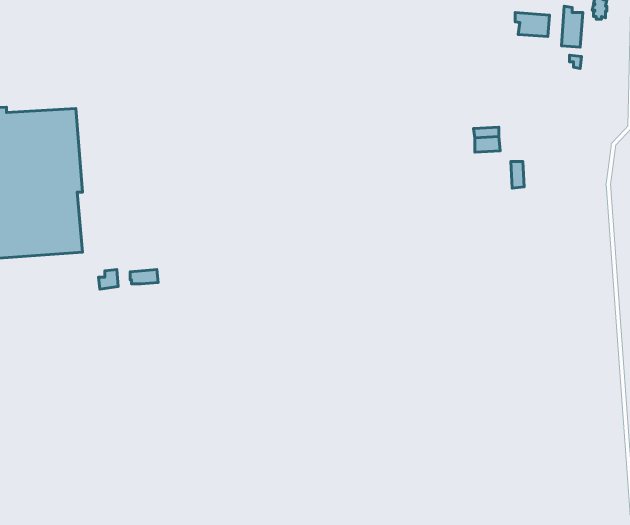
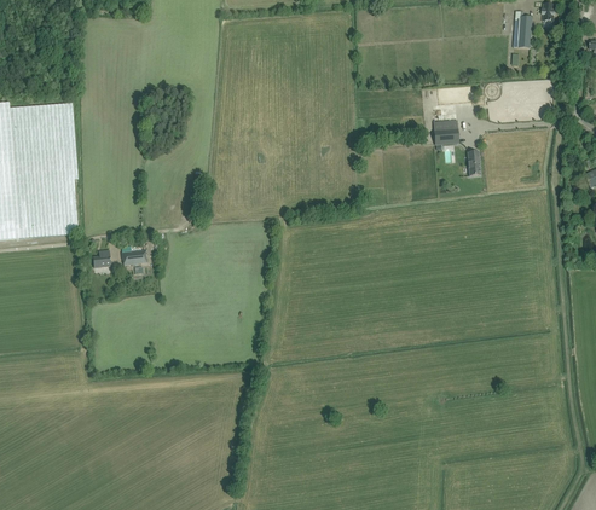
building: [515,13,550,37] -> none

